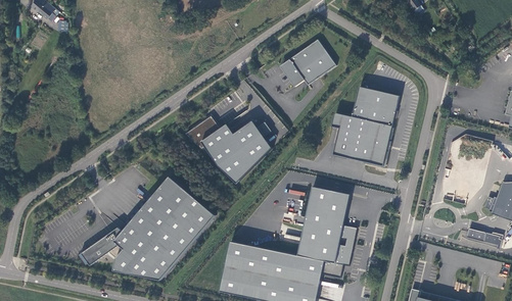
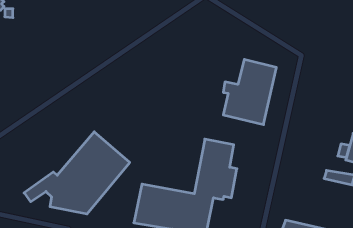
building: [281,39,336,86] -> none
building: [186,116,272,184] -> none

